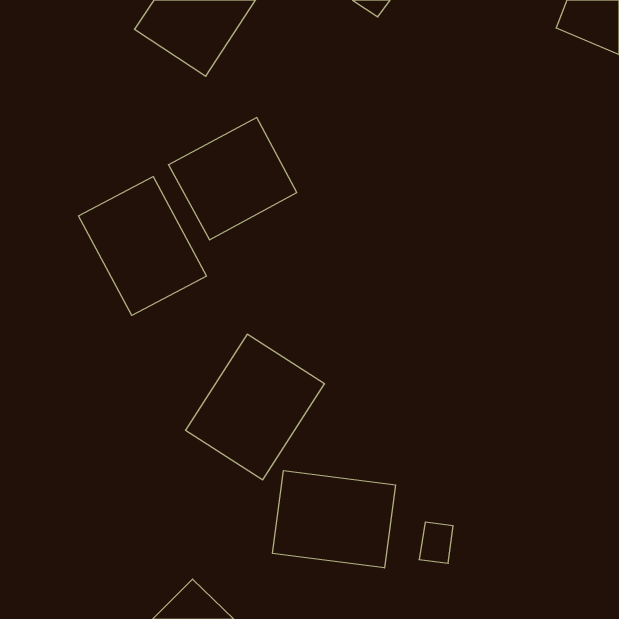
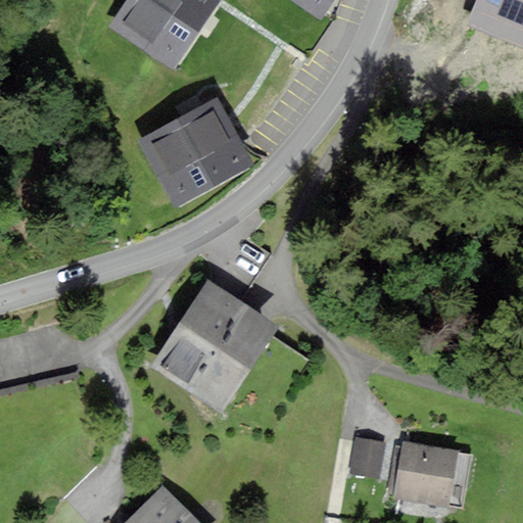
building: [79,177,206,315] -> none
building: [272,471,395,568] -> none
building: none -> [397,443,455,503]

